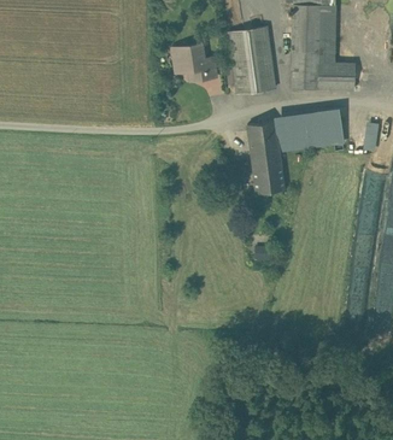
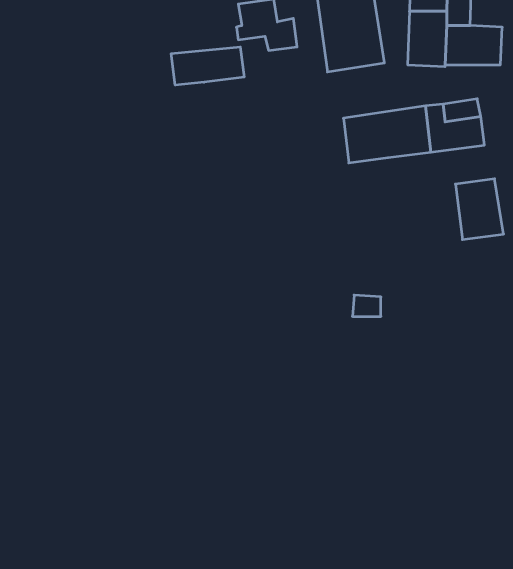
building: none -> [171,47,244,85]
building: [251,152,283,193] -> [455,179,504,240]

